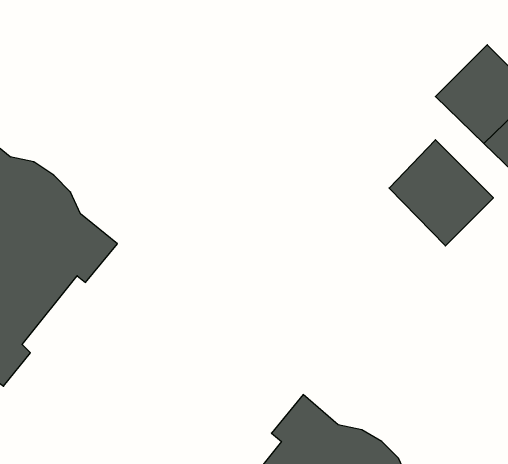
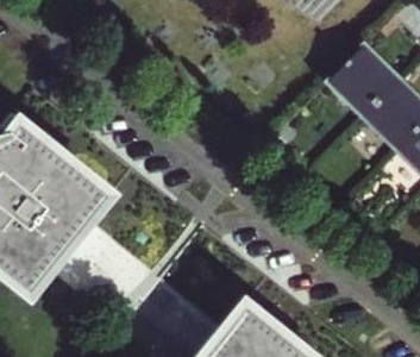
building: [389,140,493,246] -> none

